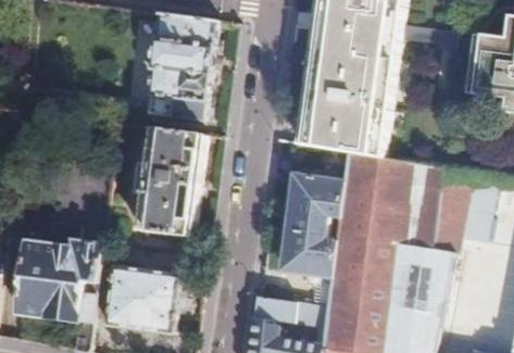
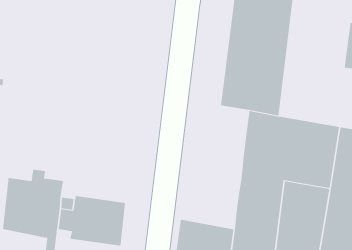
building: [141,10,215,117] -> none
building: [137,127,204,234] -> none
building: [279,175,341,277] -> none

